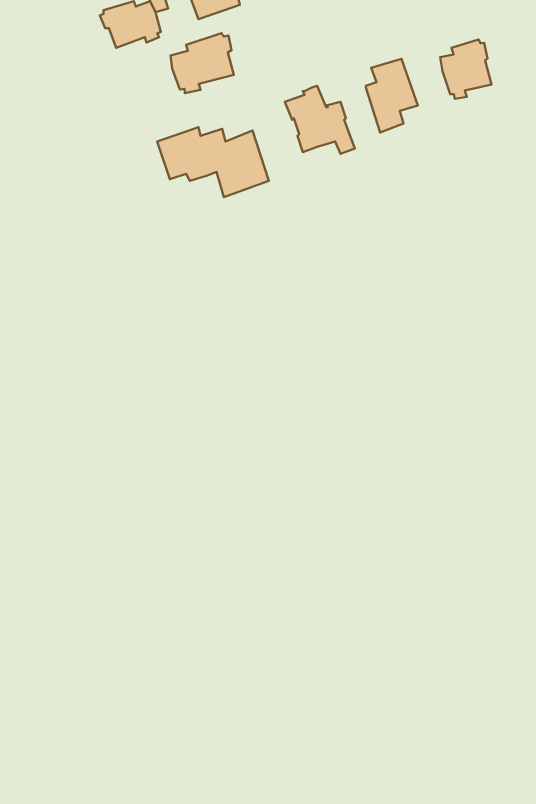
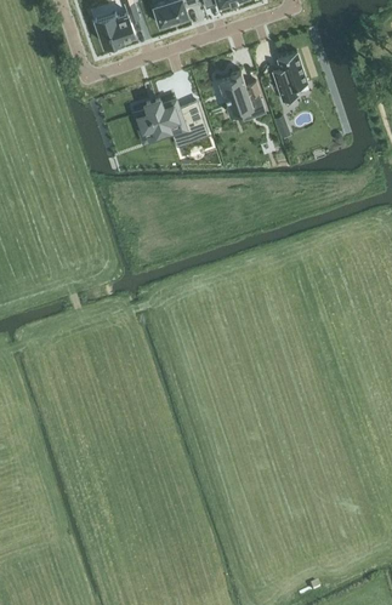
building: [171,33,234,93] -> none
building: [440,39,492,99] -> none

